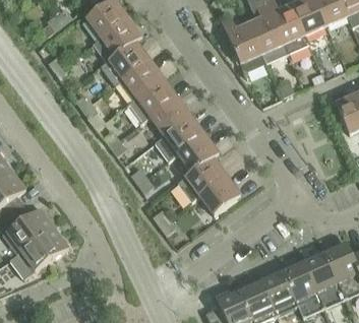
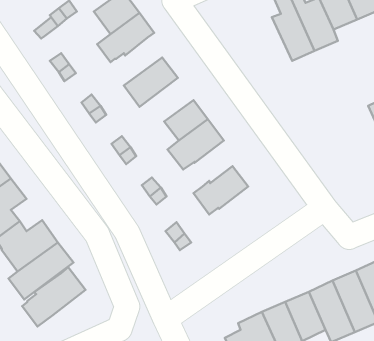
building: [221,15,267,77] -> none
building: [100,41,148,84] -> none
building: [125,77,177,124] -> none
building: [178,134,219,173] -> none
building: [200,176,240,214] -> none
building: none -> [22,267,86,327]

